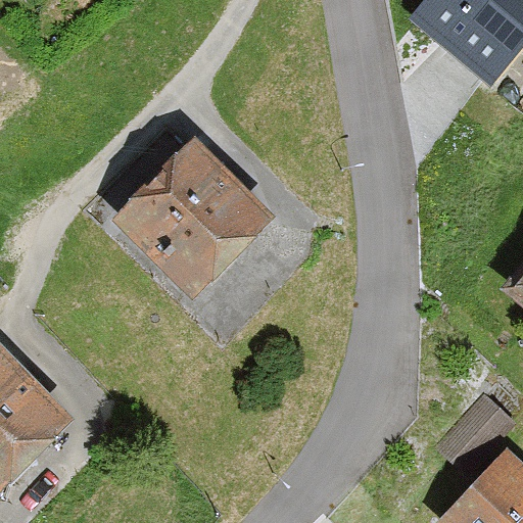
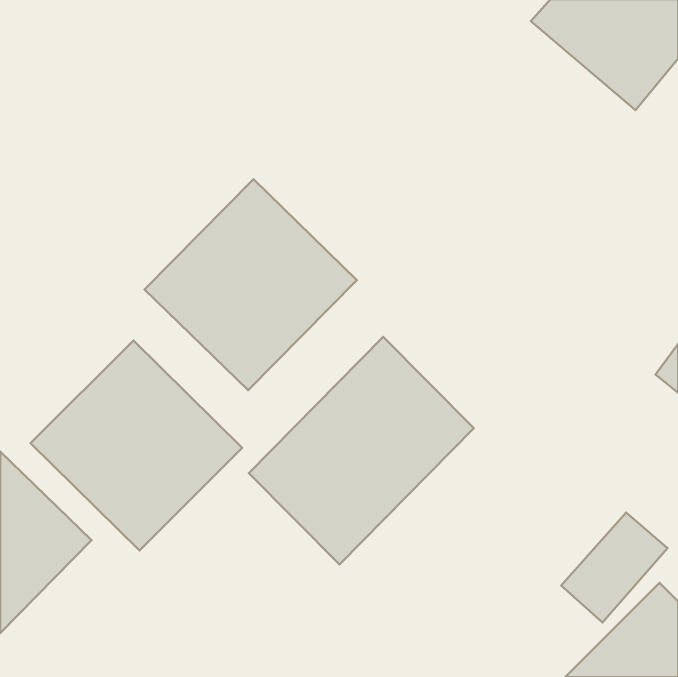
building: none -> [249,337,474,564]
building: none -> [31,340,242,551]

